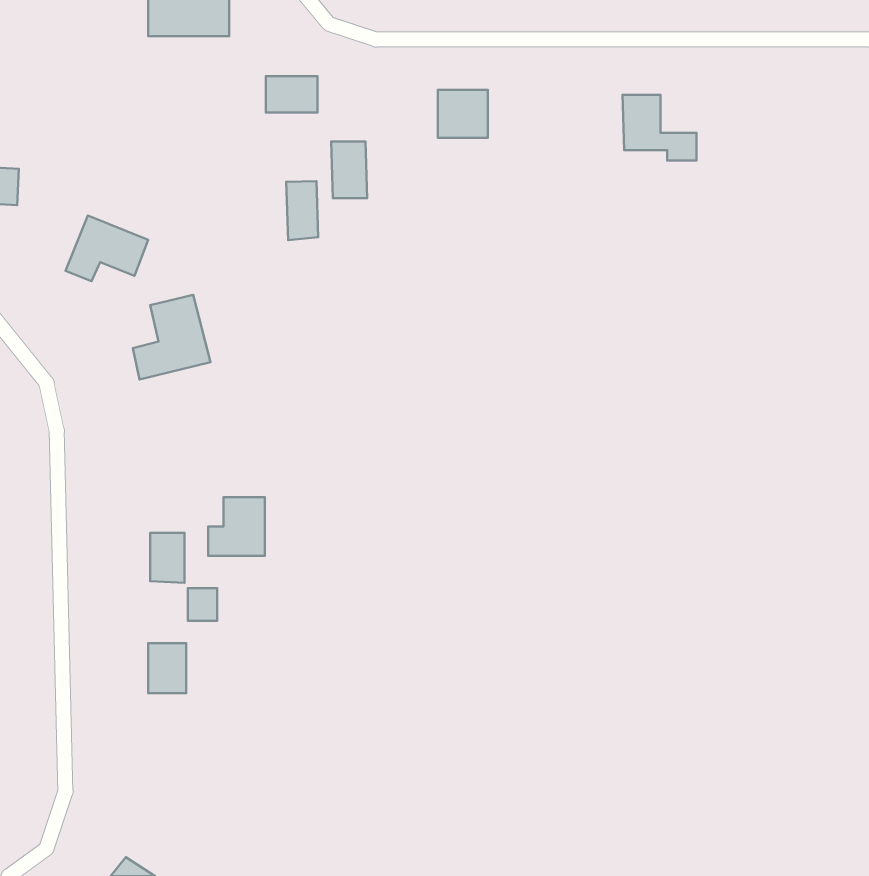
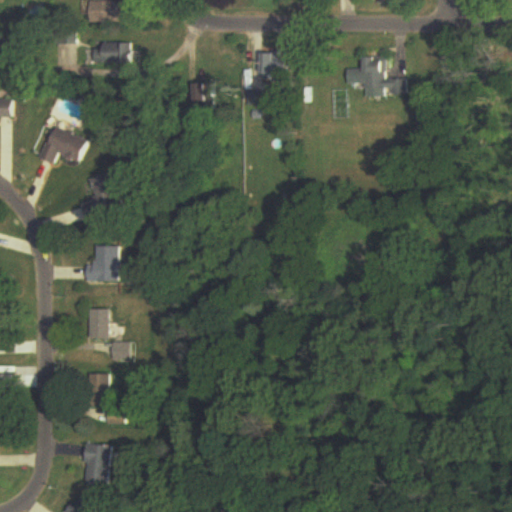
building: [266,76,318,112] -> [100,41,130,62]
building: [286,181,318,240] -> none
building: [208,497,265,556] -> [84,246,117,280]
building: none -> [80,442,110,485]

